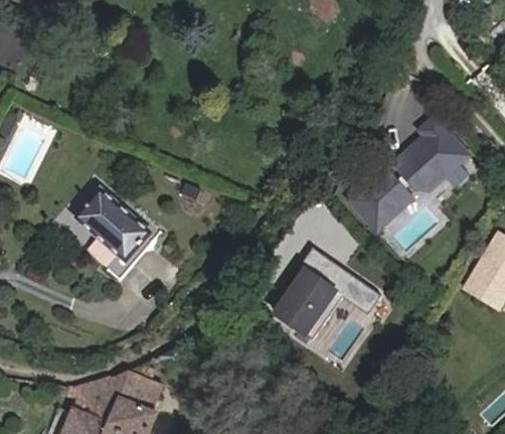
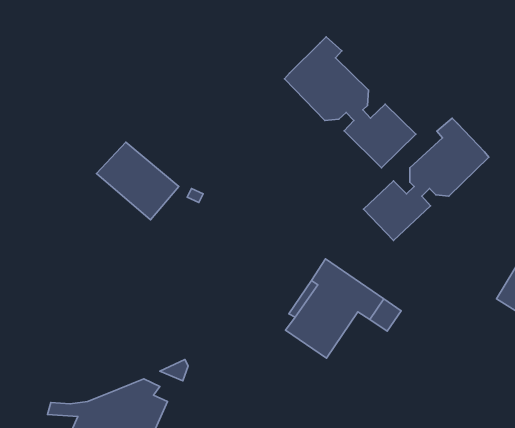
building: none -> [284,37,416,168]
building: [73,189,150,262] -> [96,142,179,220]

